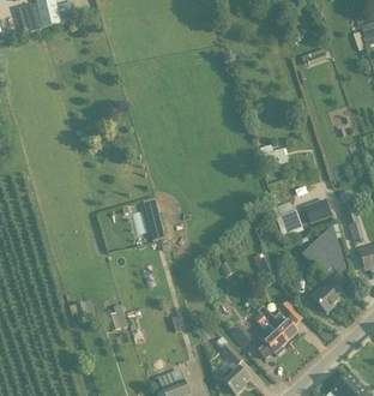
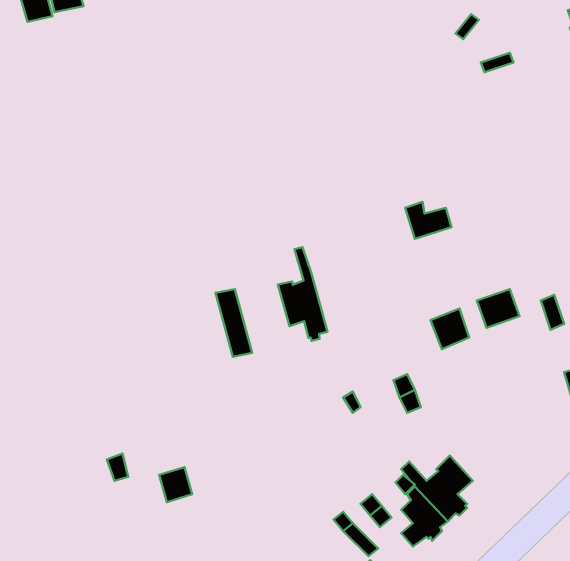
building: none -> [278,247,327,341]
building: [307,227,344,311] -> none

